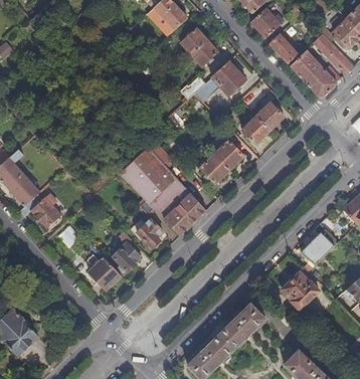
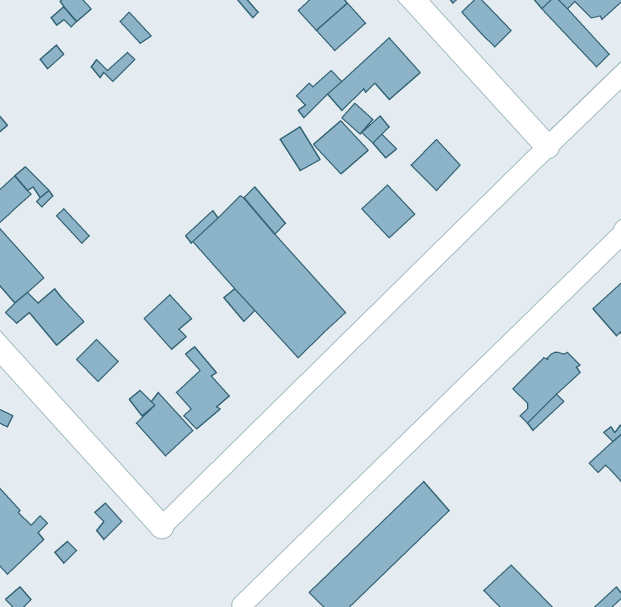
building: [291,50,340,97] -> none
building: [256,102,284,129] -> none
building: [200,153,230,182] -> [314,121,368,174]
building: [138,217,164,247] -> [144,295,192,349]
building: [280,271,319,310] -> none

